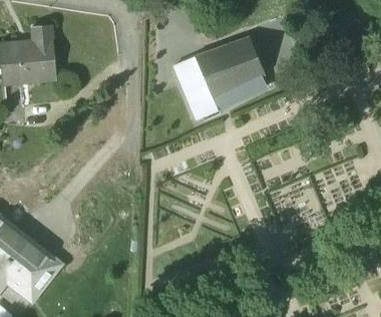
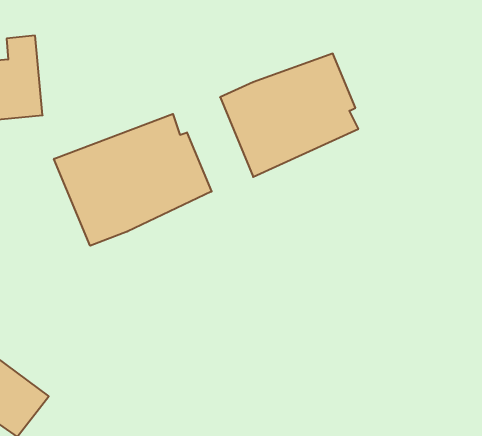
building: none -> [54,114,212,246]

